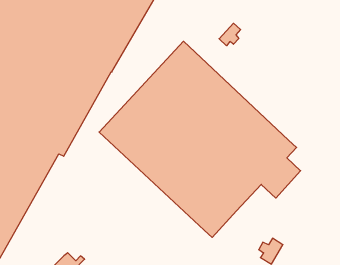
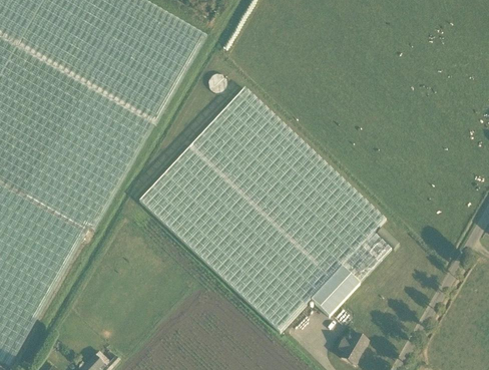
building: [219,23,241,46] -> none
building: none -> [309,264,358,314]

